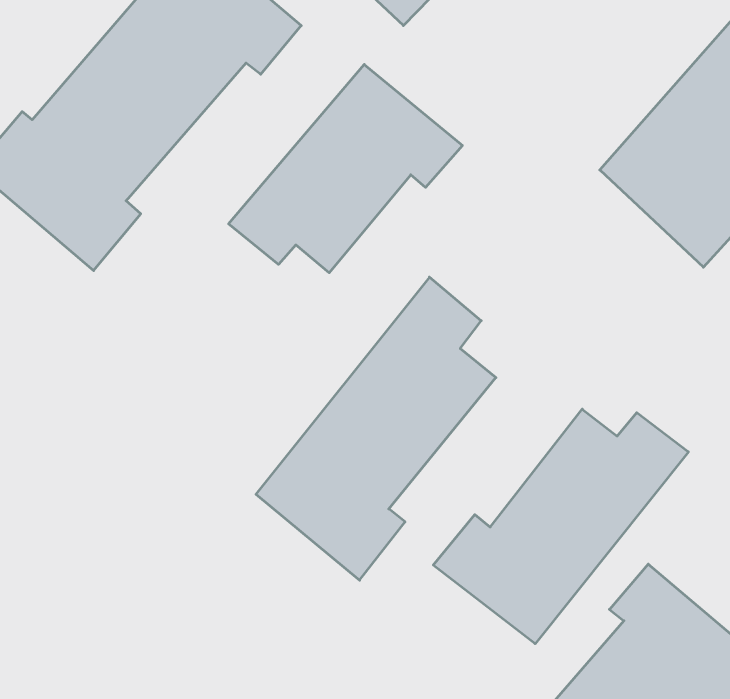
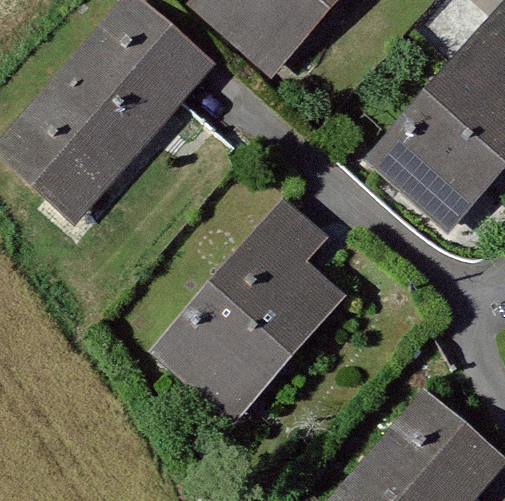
building: [229,64,462,273] -> none
building: [433,409,688,644] -> none

